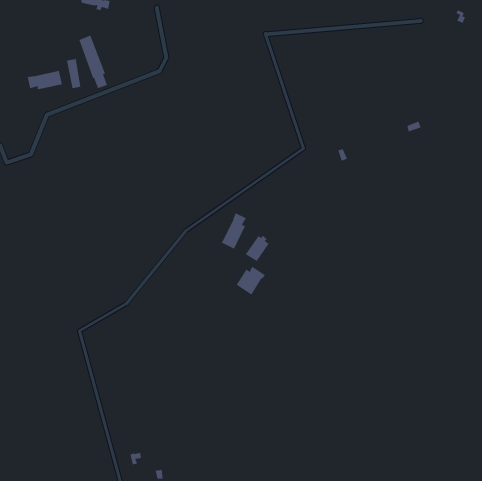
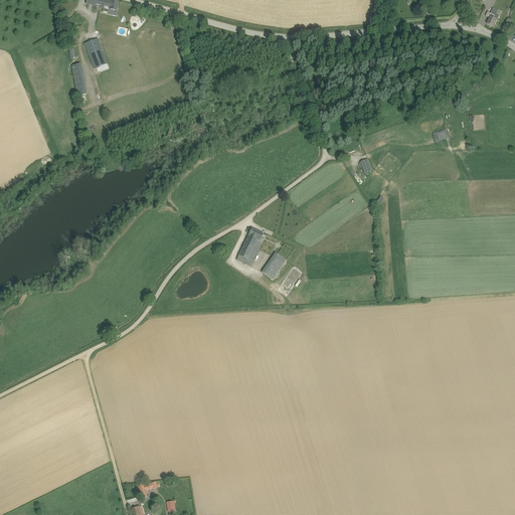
building: [27,70,62,90] -> none
building: [236,266,266,296] -> none

